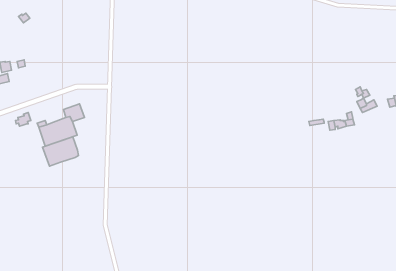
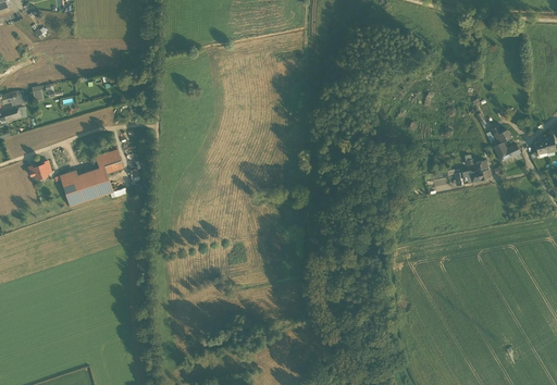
building: [42,137,79,166] -> none

